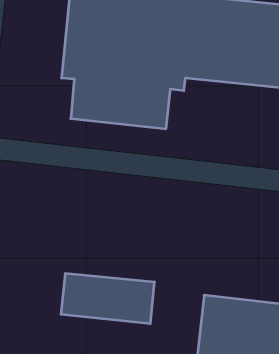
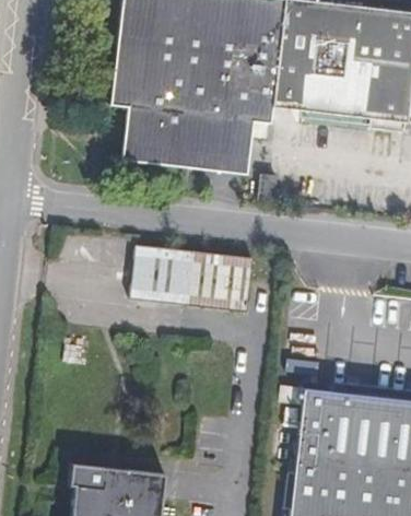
building: [61,274,155,324] -> [128,246,249,310]

